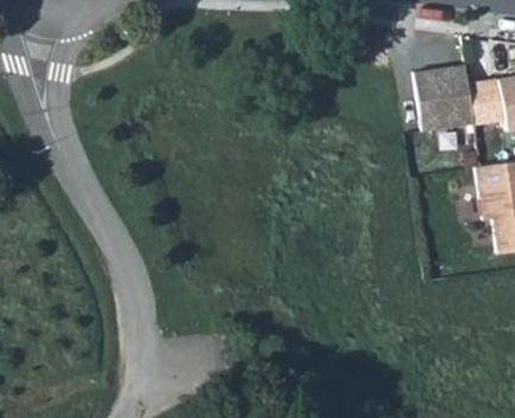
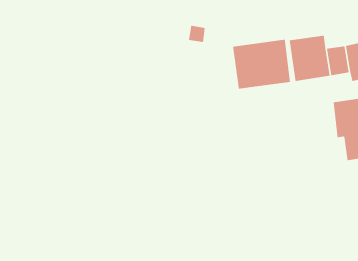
building: none -> [232,39,290,90]

